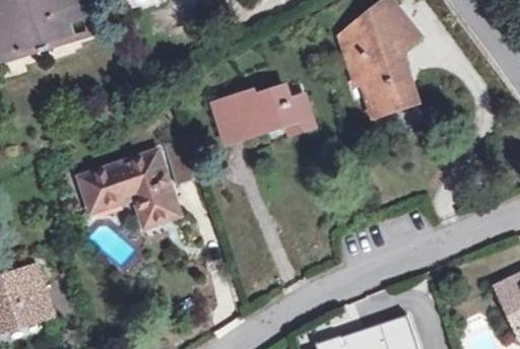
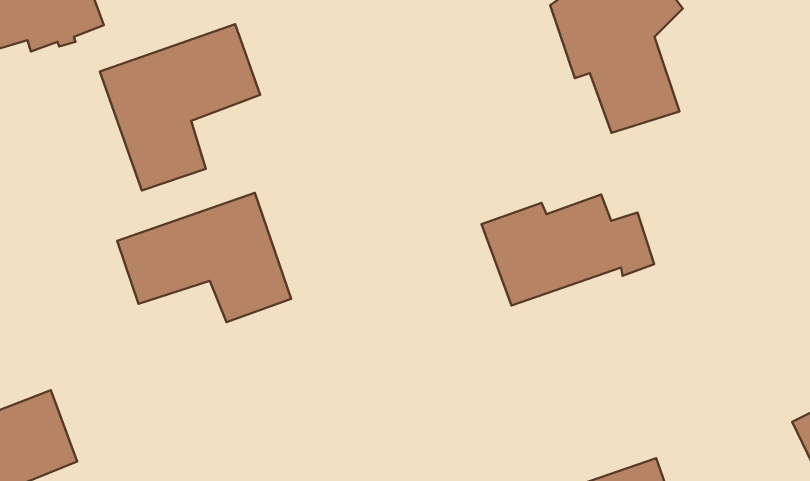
building: none -> [100,24,260,191]
building: [208,84,314,152] -> [482,194,654,306]

